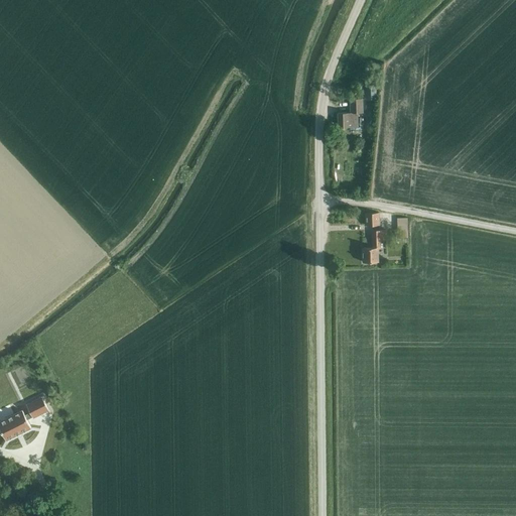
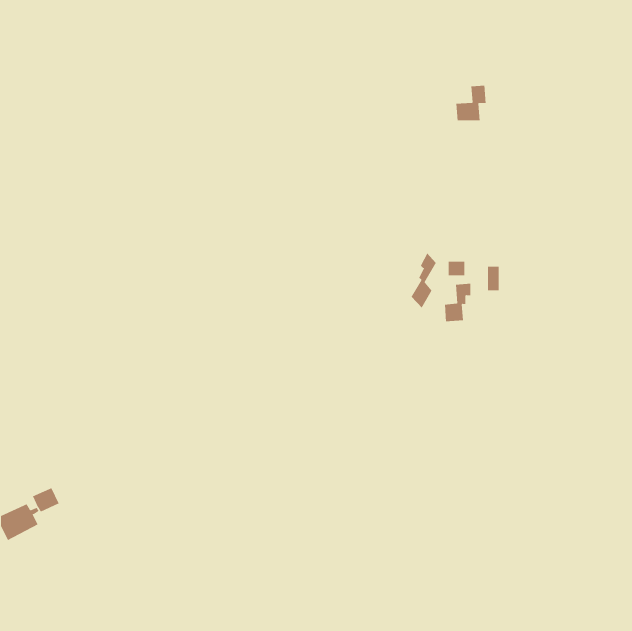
building: [338,99,363,128] -> [456,85,487,121]
building: none -> [411,253,436,309]

